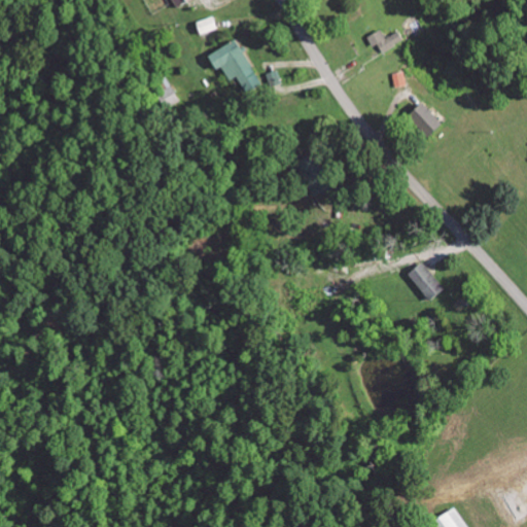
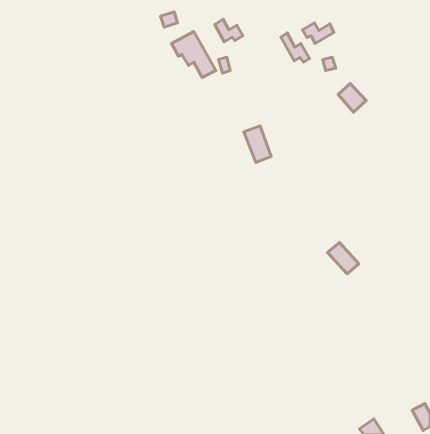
building: none -> [215,19,243,42]
building: none -> [281,33,309,62]
building: [406,262,444,301] -> [328,242,359,274]

